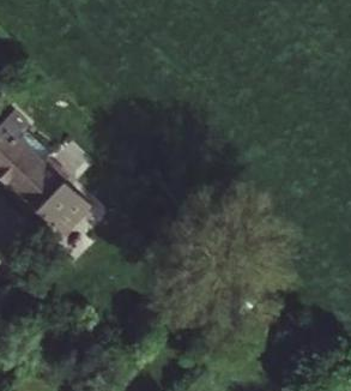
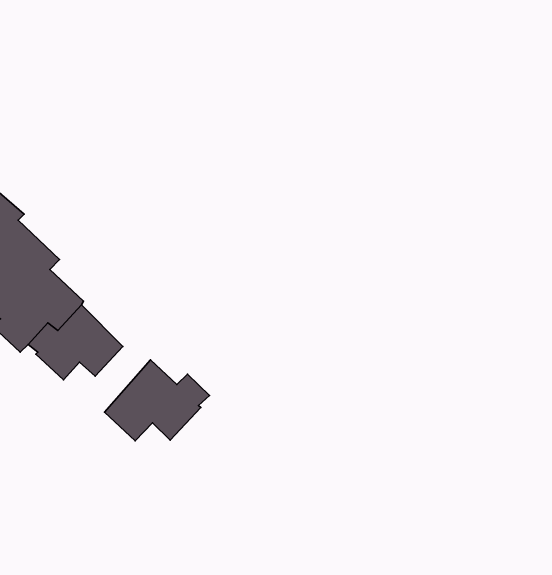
building: none -> [104,360,210,441]

